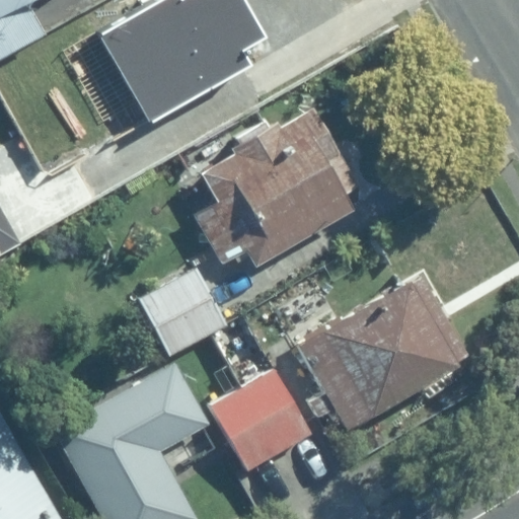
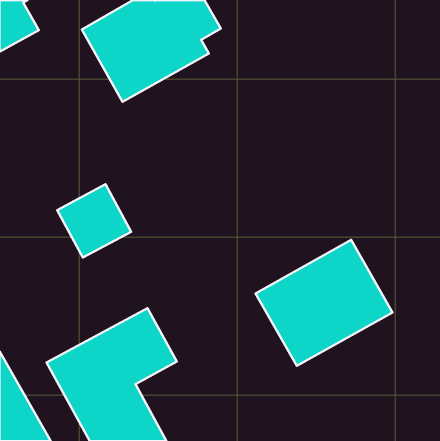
building: [194,110,357,265] -> none
building: [139,269,226,355] -> [57,184,131,258]
building: [210,369,311,471] -> none

